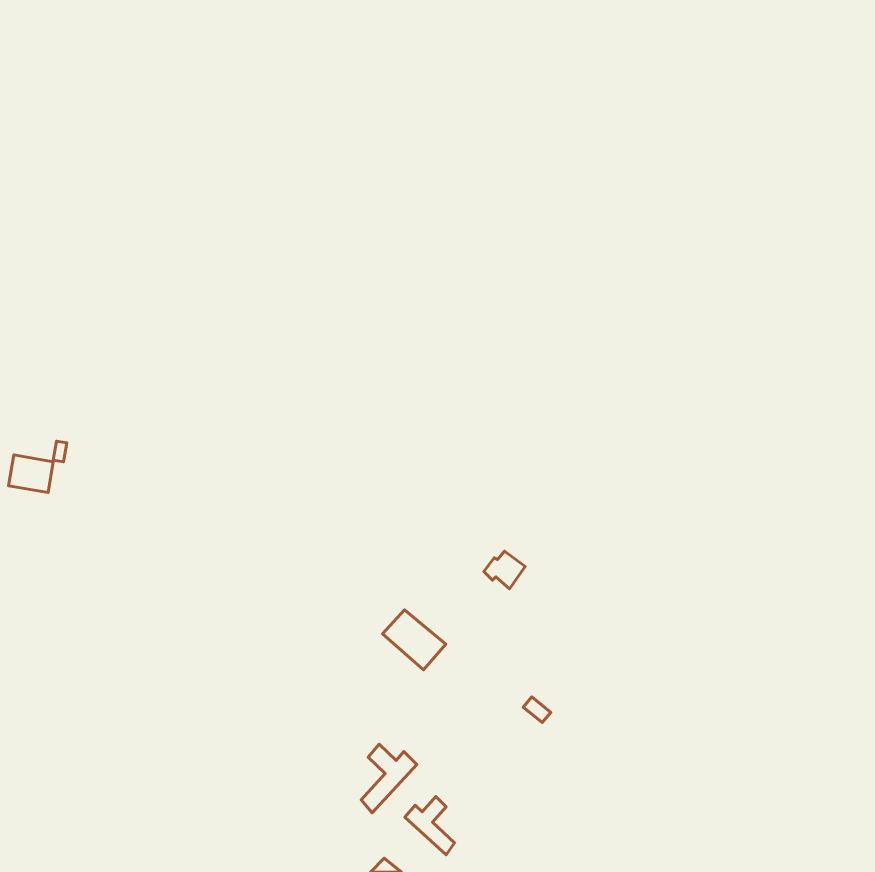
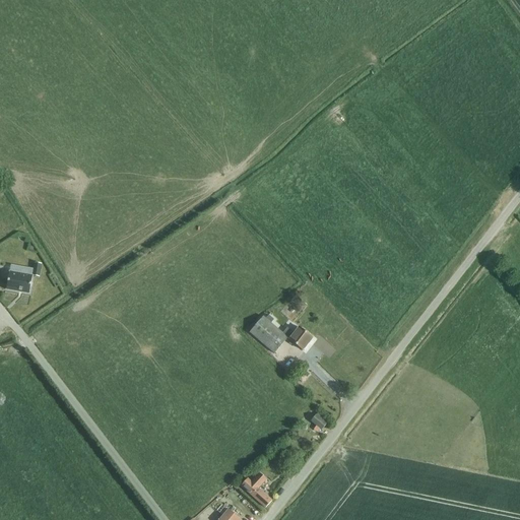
building: [382,610,446,670] -> [249,316,286,351]
building: [361,744,417,813] -> none

